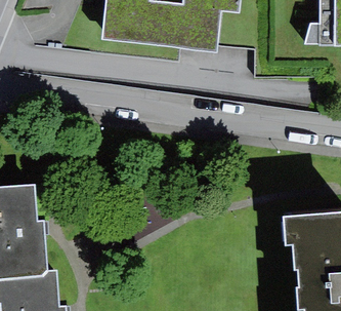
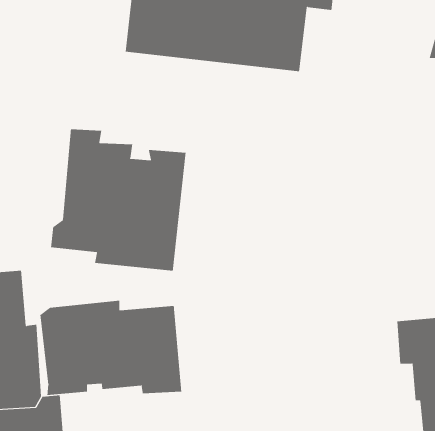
building: none -> [51,129,186,272]
building: none -> [40,300,182,396]

